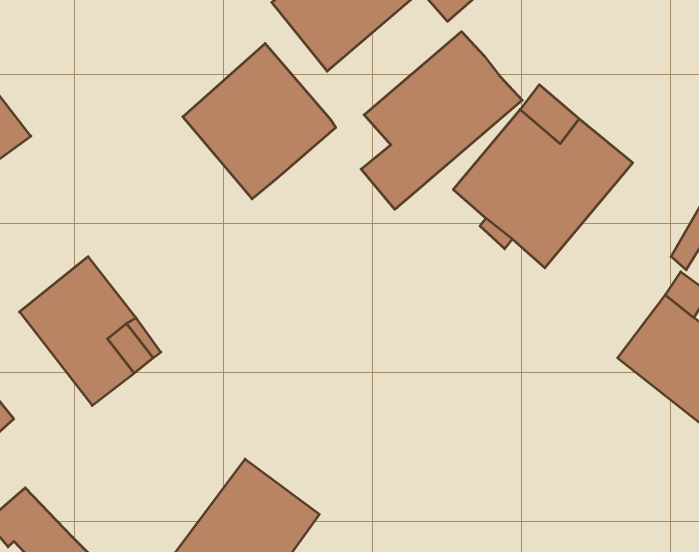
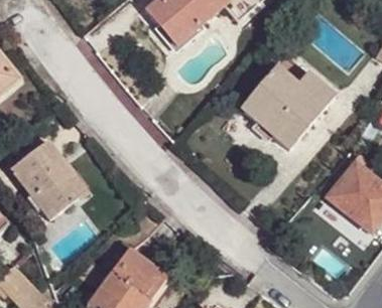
building: [361,32,522,209] -> none
building: [183,43,336,199] -> none

